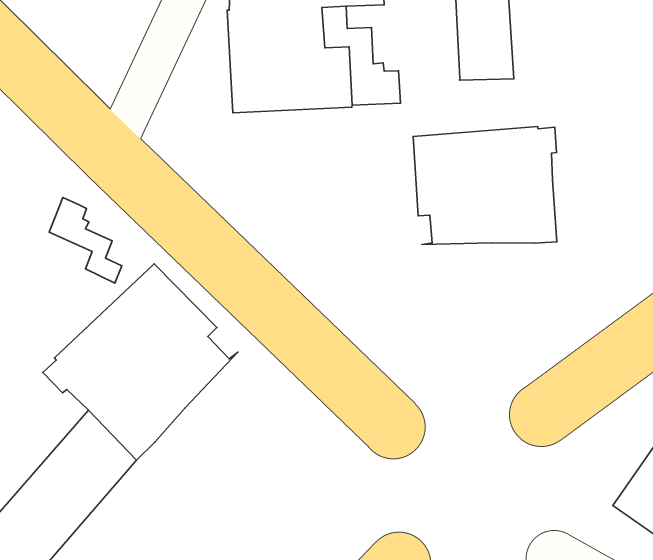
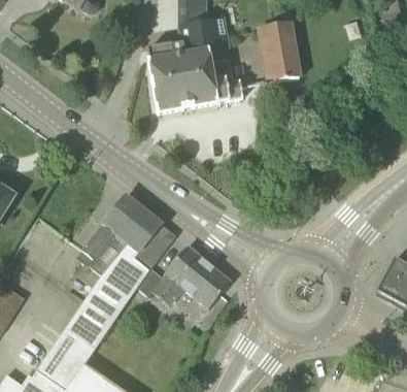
building: [413,126,557,245] -> none
building: [49,197,122,283] -> none
building: none -> [138,246,232,308]

